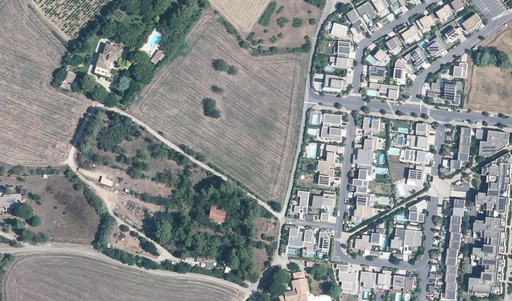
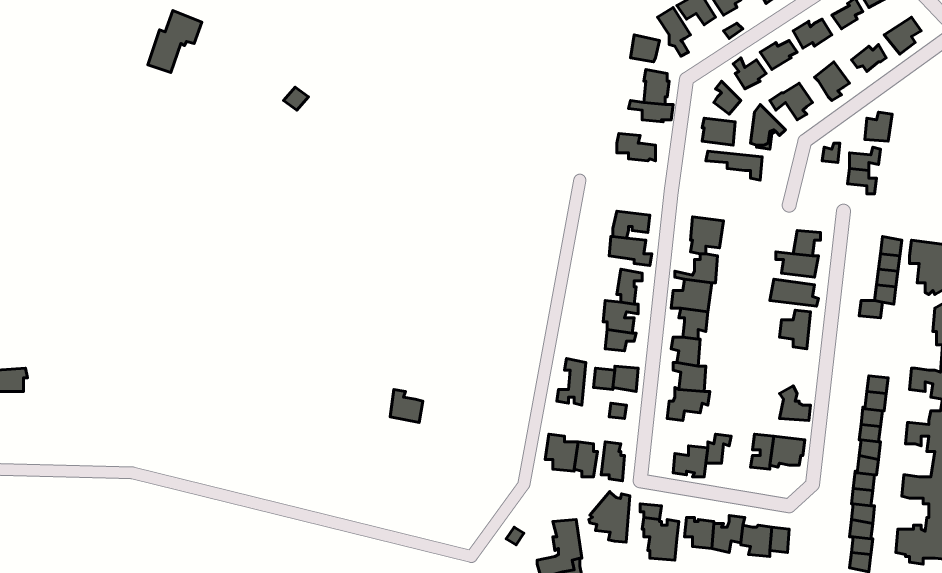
building: [93,44,121,76] -> [148,11,202,73]
building: none -> [589,491,630,542]

